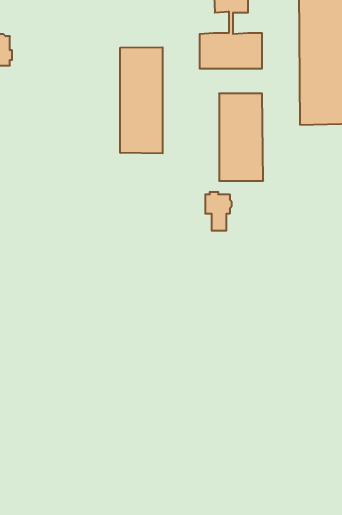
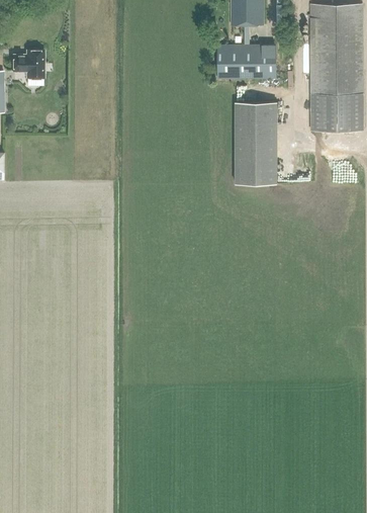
building: [120,47,163,153] -> none
building: [205,192,232,231] -> none

